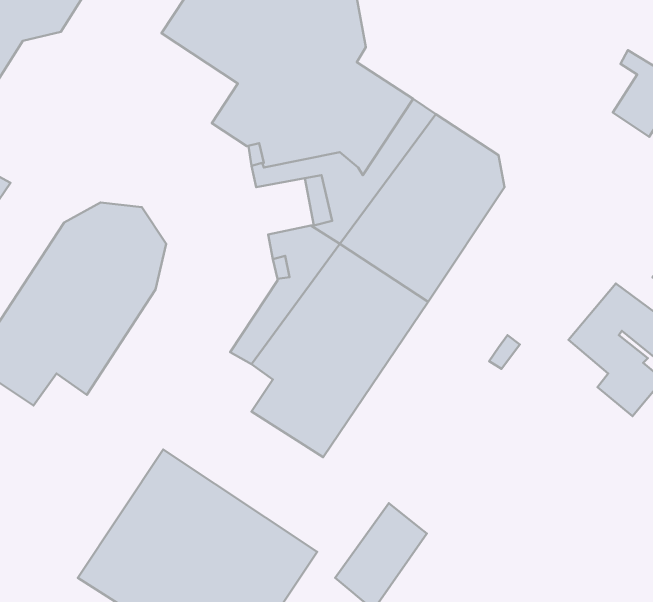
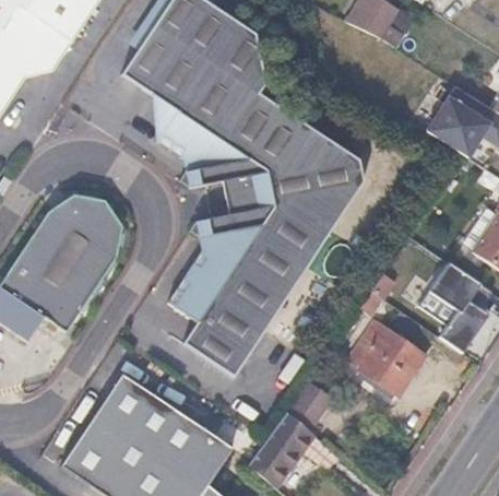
building: none -> [345,320,424,395]
building: none -> [283,381,326,428]

